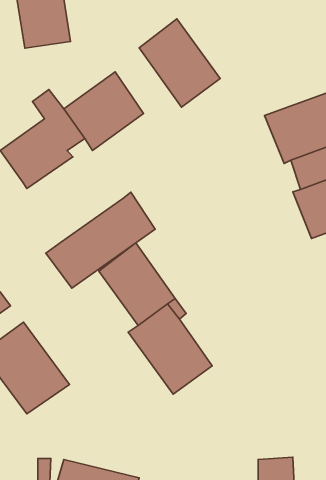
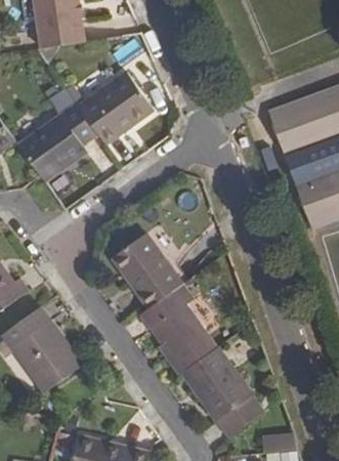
building: [139,19,220,107] -> none
building: [46,192,155,288] -> none
building: none -> [180,347,264,438]

